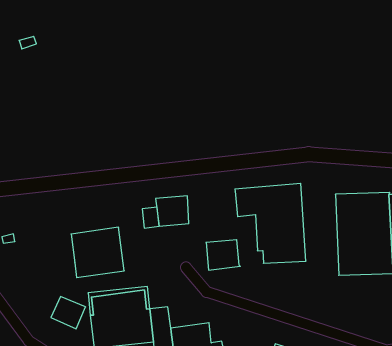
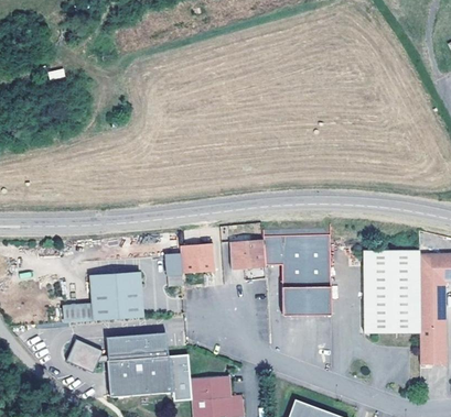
building: [206,240,240,270] -> [230,240,265,270]
building: none -> [65,305,94,322]

